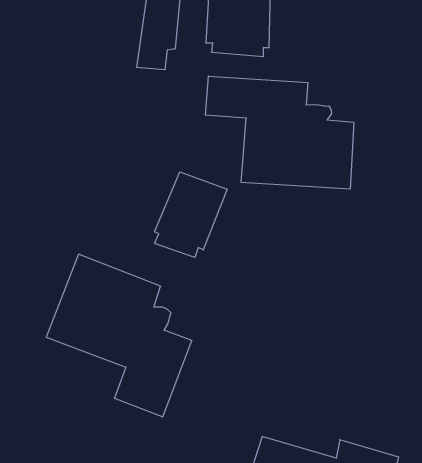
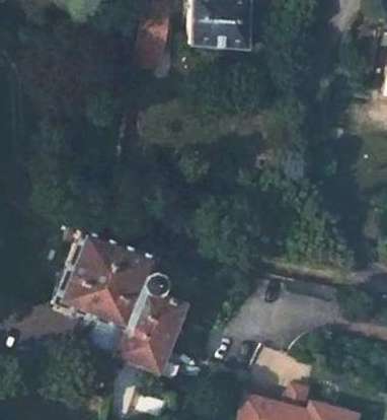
building: [206,76,354,189] -> none
building: [155,172,227,257] -> none

